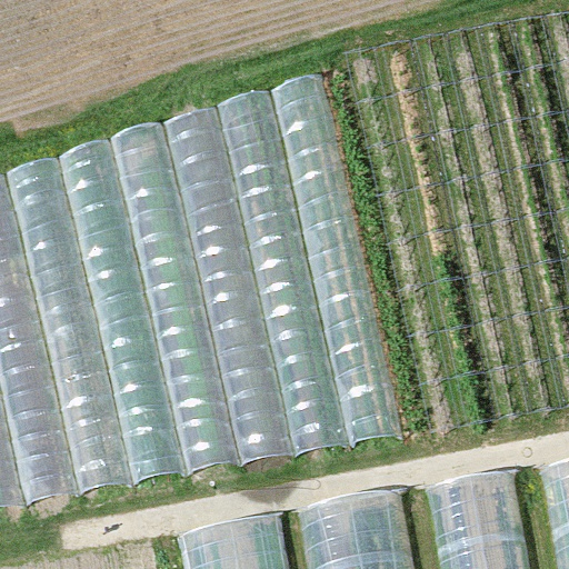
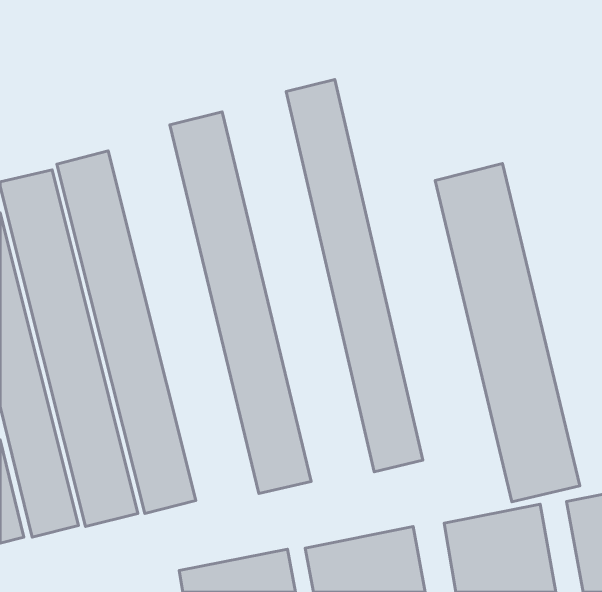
building: [218,90,350,452] -> none
building: [110,122,241,470] -> none
building: none -> [435,164,580,502]

